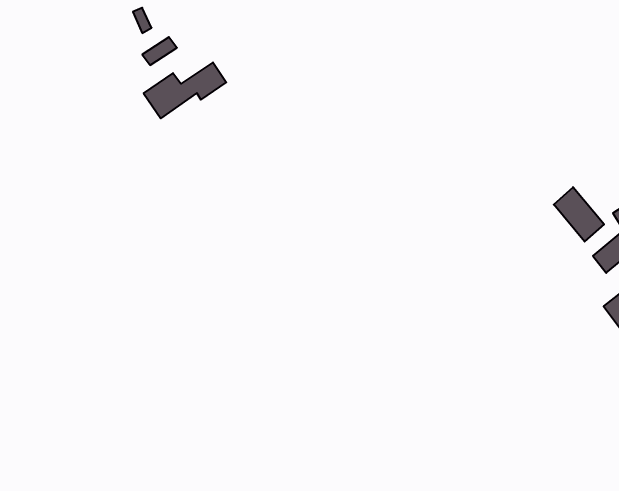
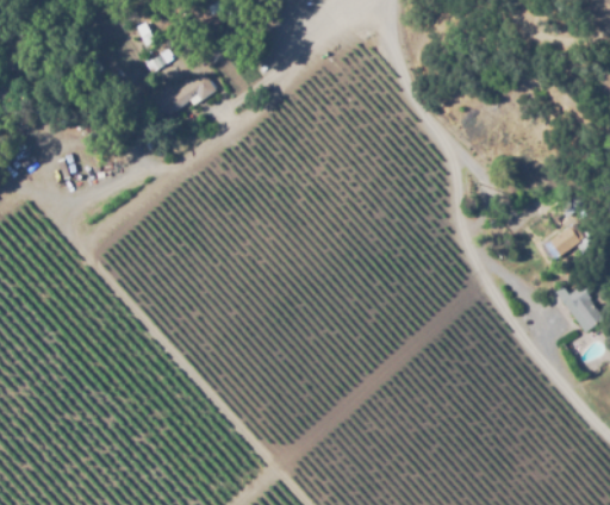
building: [554,187,604,242] -> none

